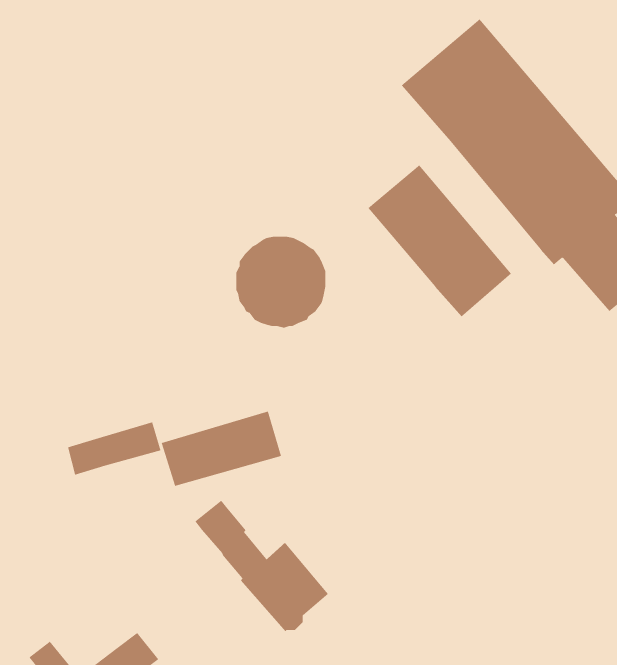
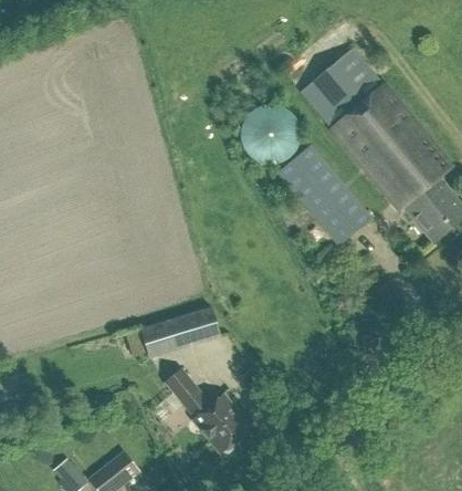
building: [235,236,326,328] -> [240,104,300,165]
building: [68,421,161,476] -> none

